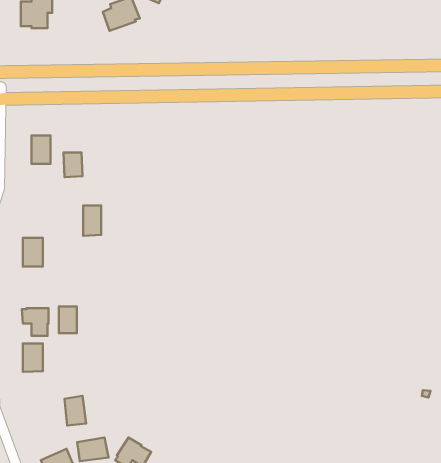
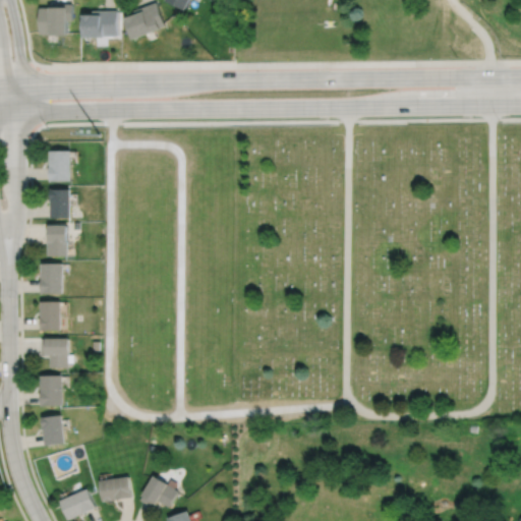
building: none -> [82,12,117,39]
building: [63,153,82,177] -> [49,191,69,218]
building: [83,205,101,236] -> [47,224,66,256]
building: [59,306,77,333] -> [40,301,59,330]
building: [64,396,86,425] -> [41,414,64,446]

